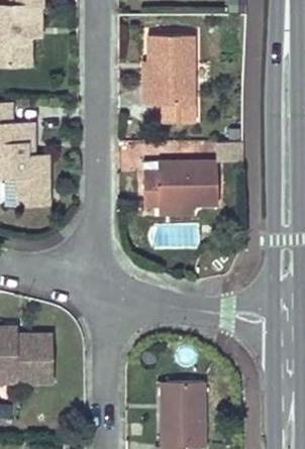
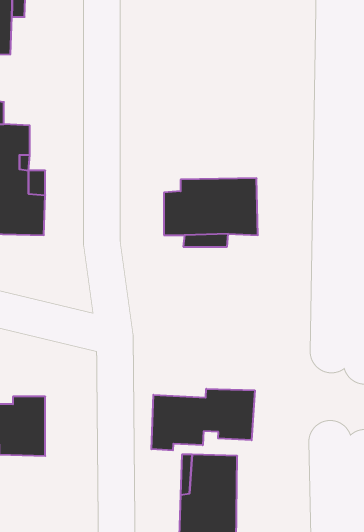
building: [143,35,196,123] -> none
building: none -> [151,389,255,450]

